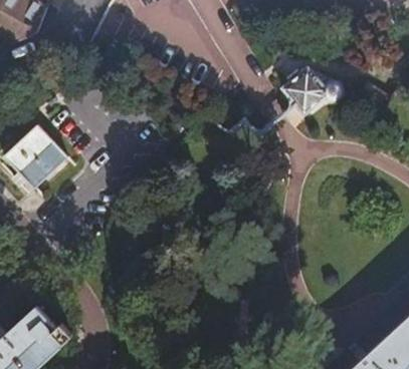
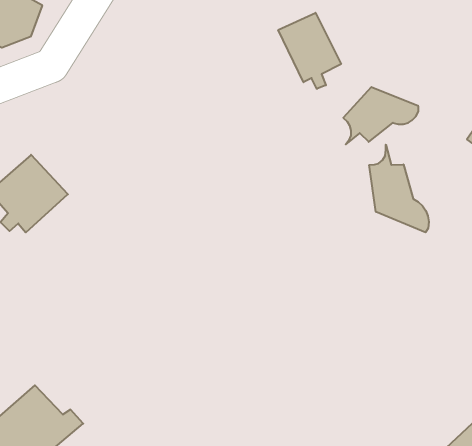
building: none -> [278,13,341,89]
building: none -> [369,145,429,232]

